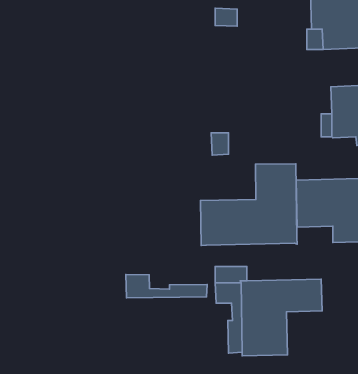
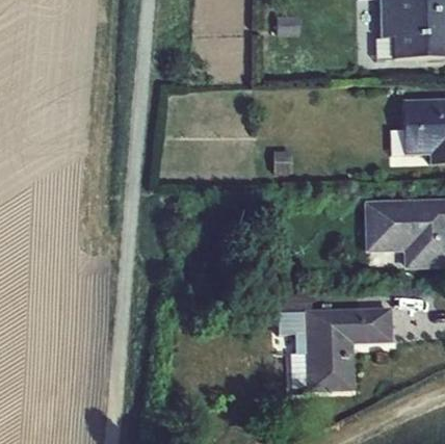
building: [201,164,297,245] -> none
building: [126,275,207,298] -> none

